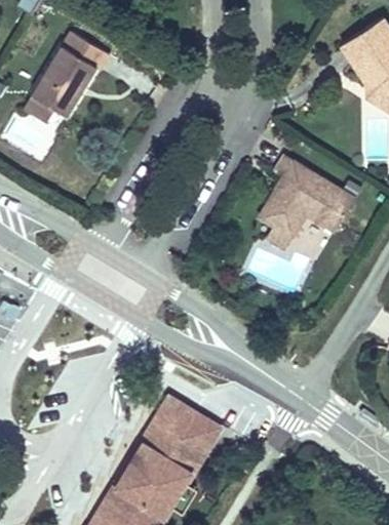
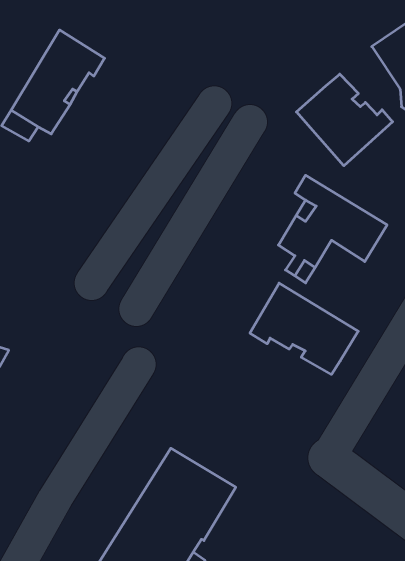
building: none -> [296,74,393,166]
building: none -> [250,283,358,374]

